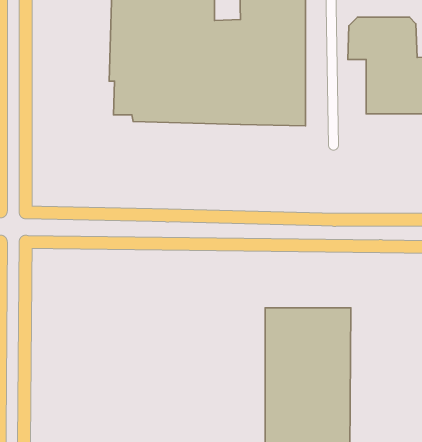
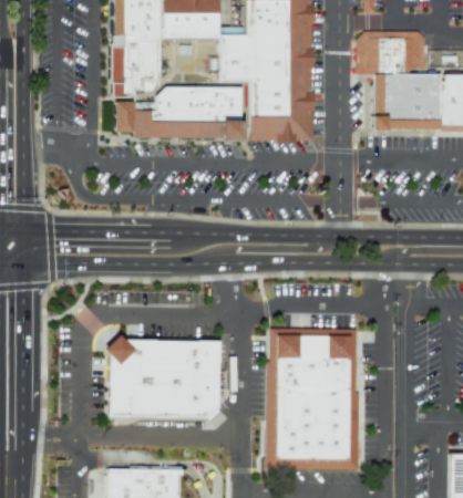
building: none -> [107,339,220,417]

